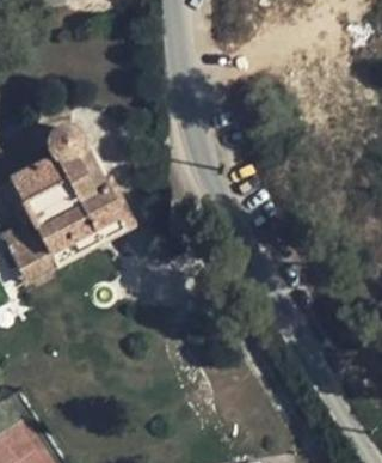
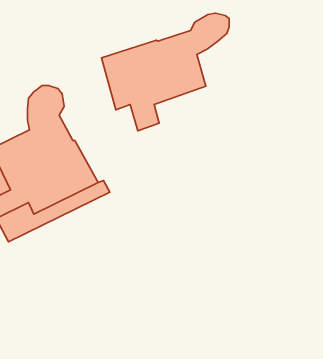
building: none -> [102,13,229,131]

